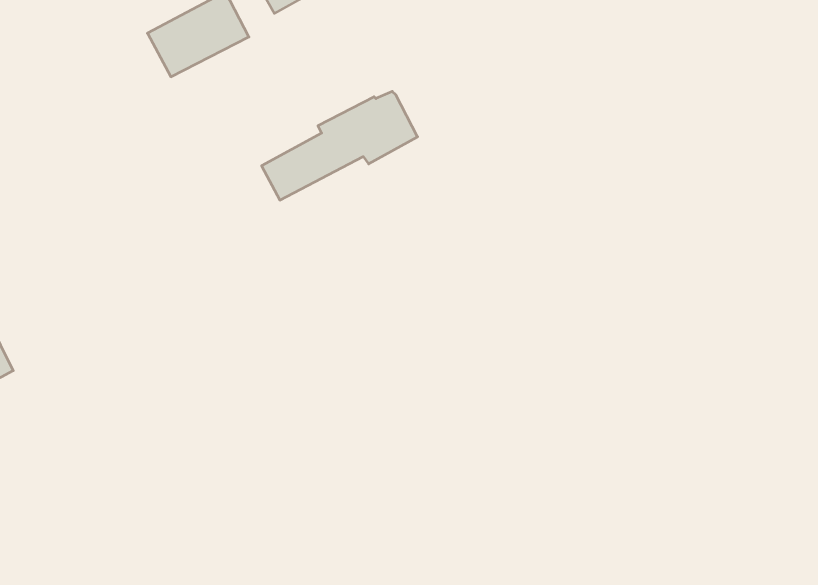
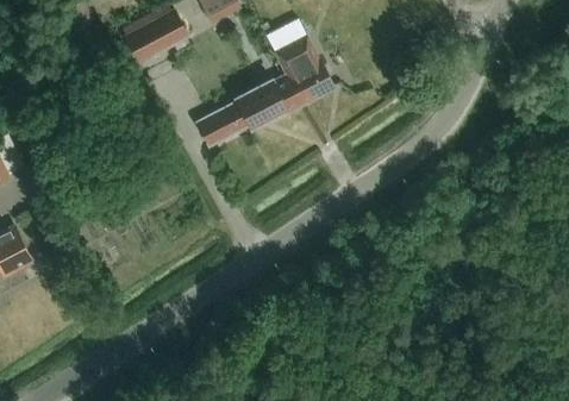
building: none -> [271,37,332,105]

